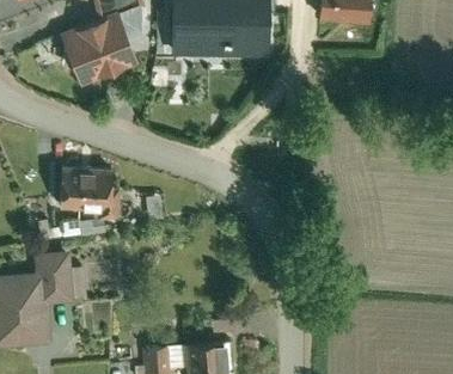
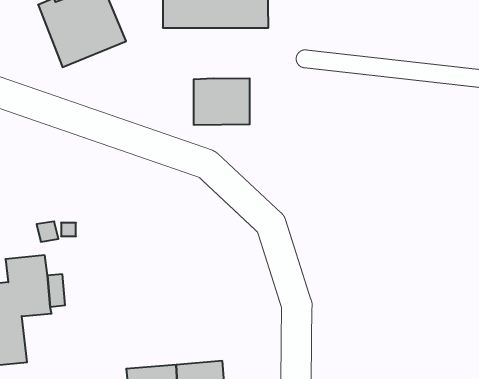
building: none -> [194,78,250,125]
building: [60,166,121,221] -> none

